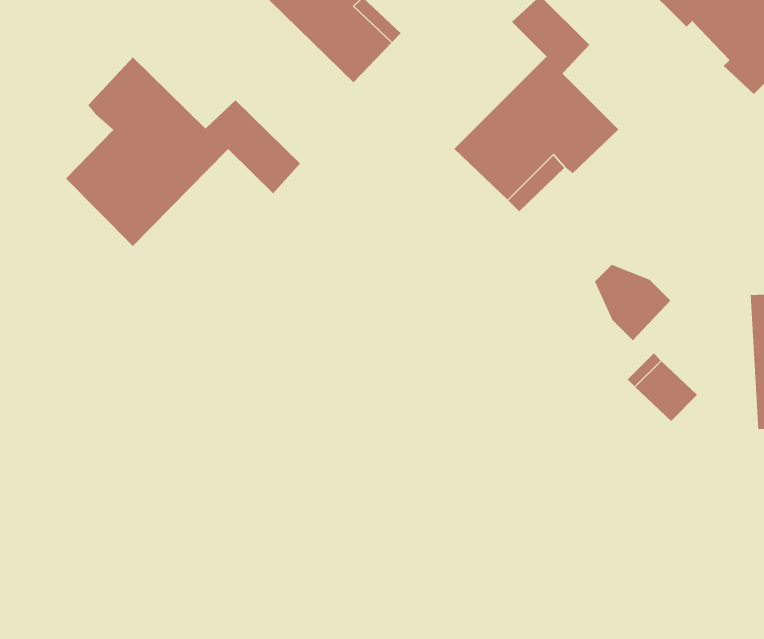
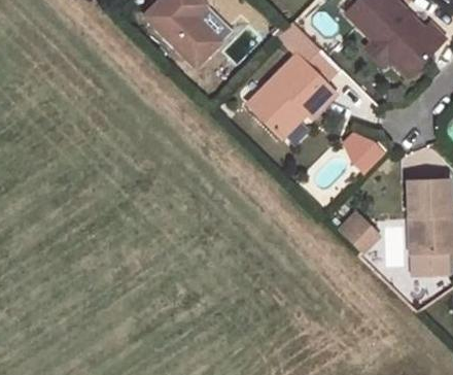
building: [65,57,301,247] -> none
building: [594,264,671,341] -> [344,132,385,173]

